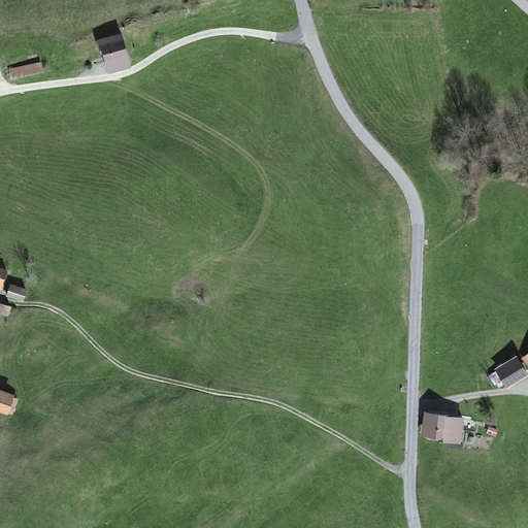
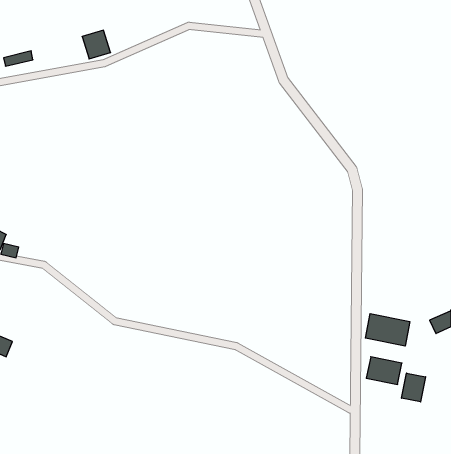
building: none -> [365,314,410,346]
building: none -> [402,373,426,402]

